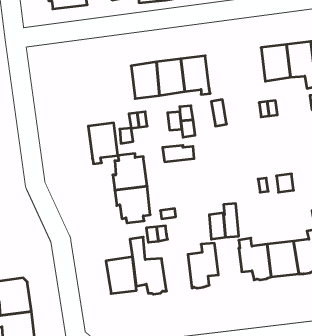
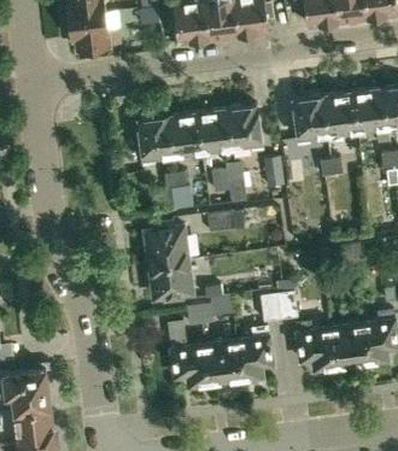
building: none -> [293,94,328,143]
building: [88,123,118,164] -> [139,116,174,164]
building: [106,257,136,294] -> [205,339,241,382]

